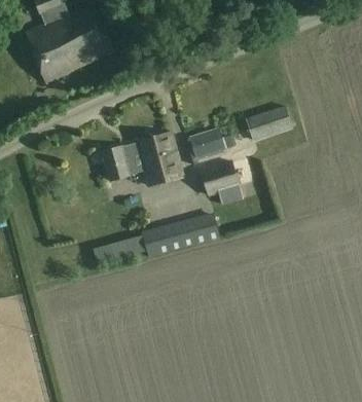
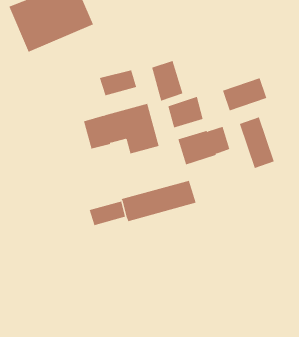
building: none -> [152,60,183,101]
building: none -> [99,70,137,96]
building: none -> [239,117,275,169]

